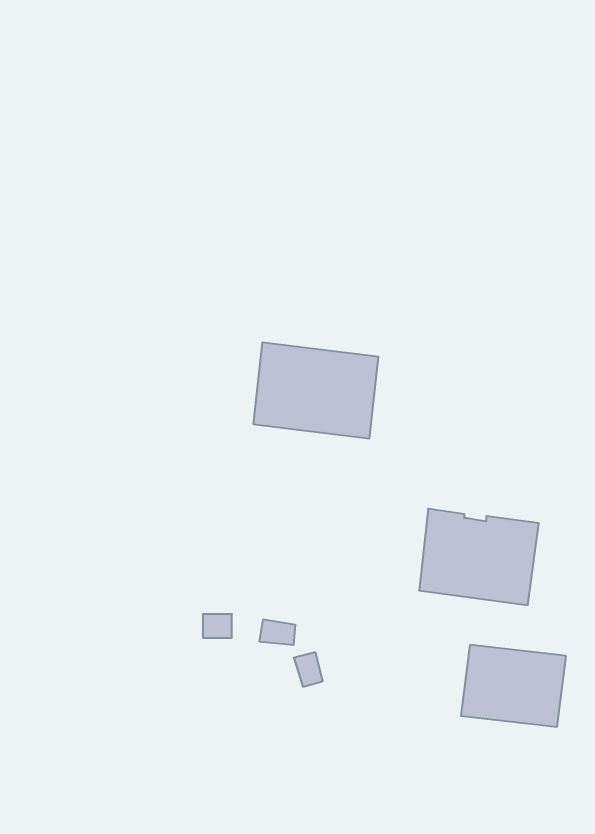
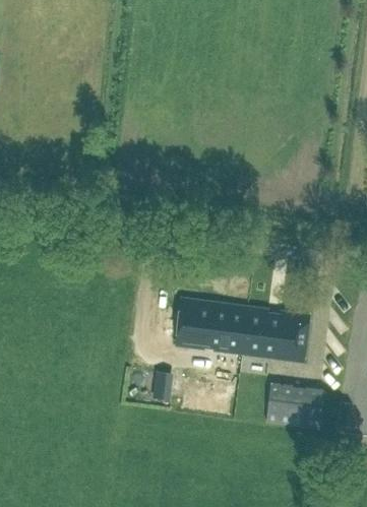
building: [253,342,379,439] -> [177,300,247,354]

